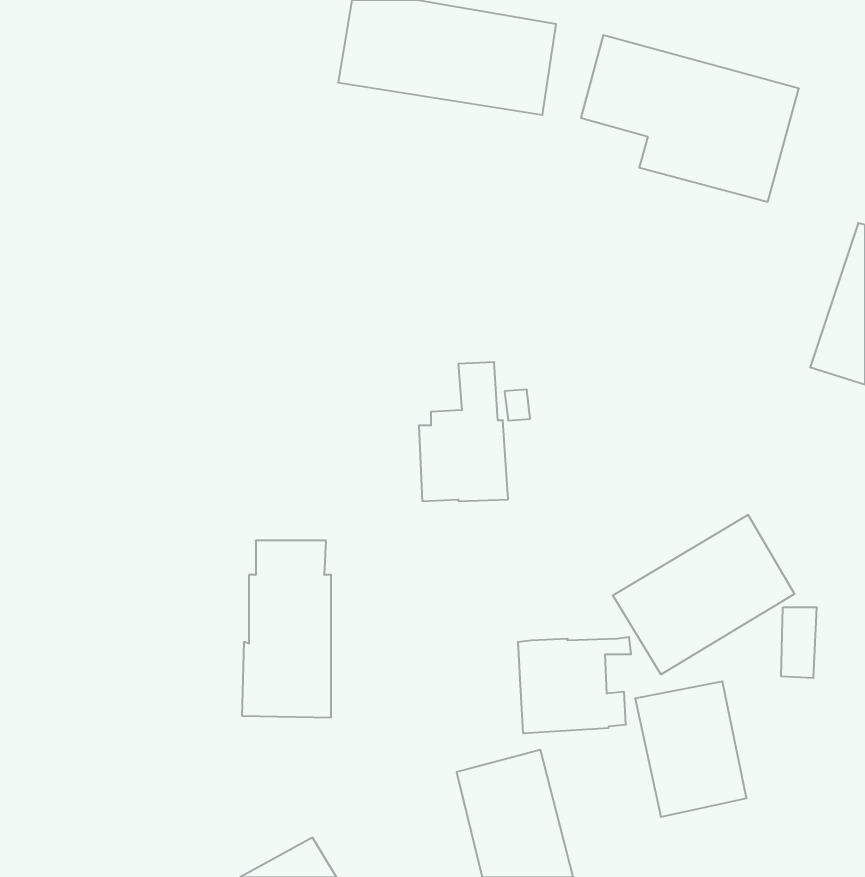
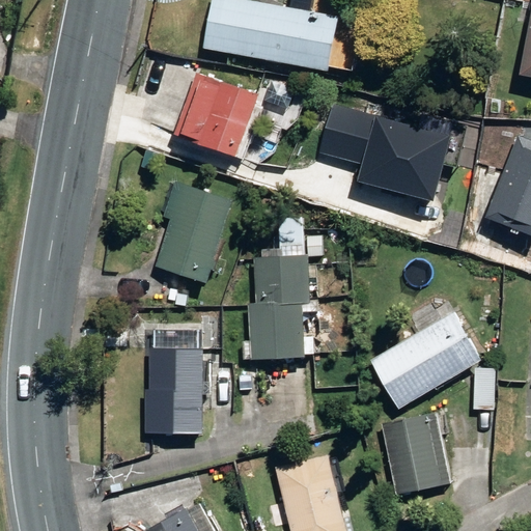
building: [581,35,799,202] -> [312,102,444,202]
building: none -> [175,71,256,155]
building: none -> [157,185,232,282]
building: [518,637,631,733] -> [247,301,315,359]

